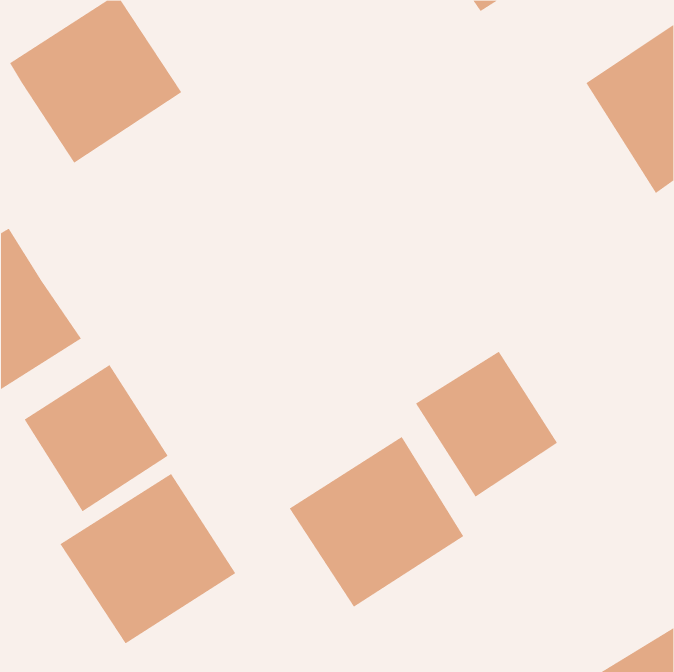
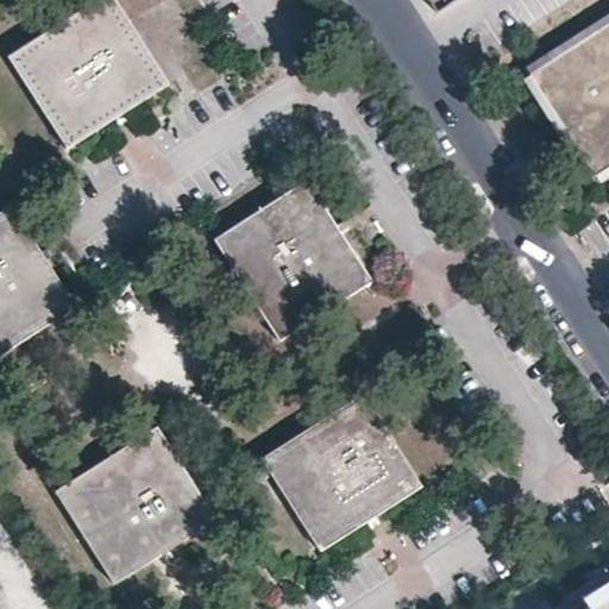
building: none -> [213,181,369,339]
building: [415,351,558,497] -> none
building: [24,364,168,512] -> none

